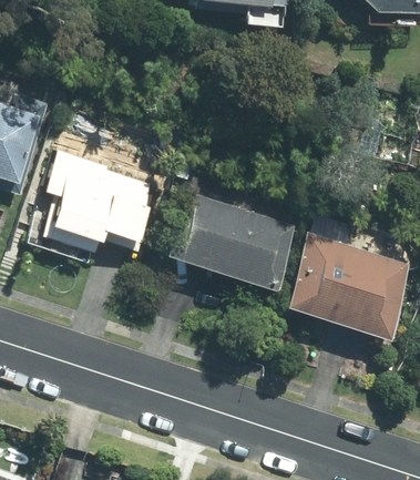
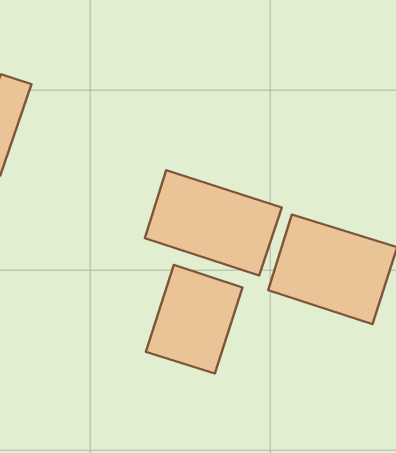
building: [44,150,152,242] -> none
building: none -> [146,265,243,374]

